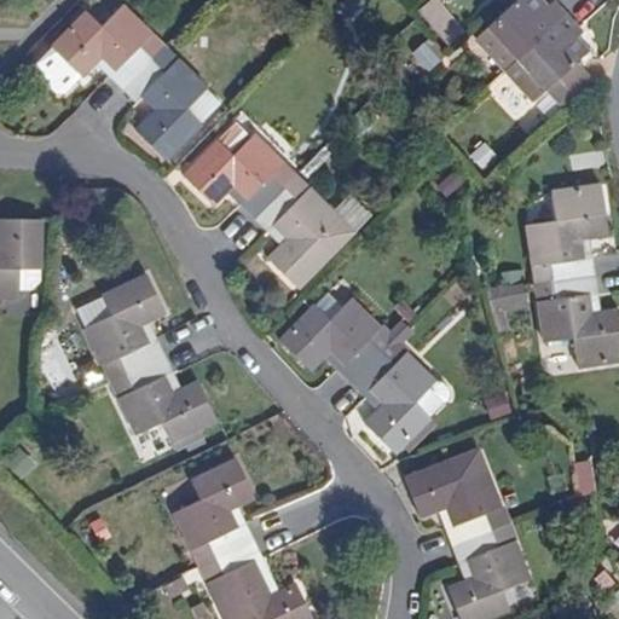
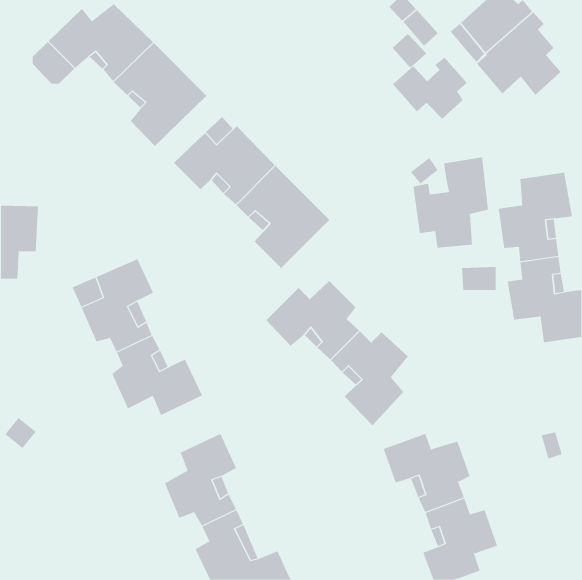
building: none -> [392,57,467,119]
building: none -> [413,156,489,248]

